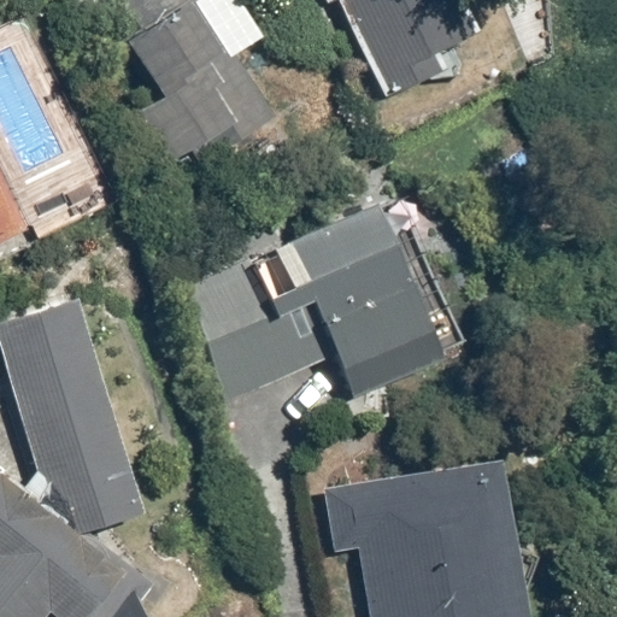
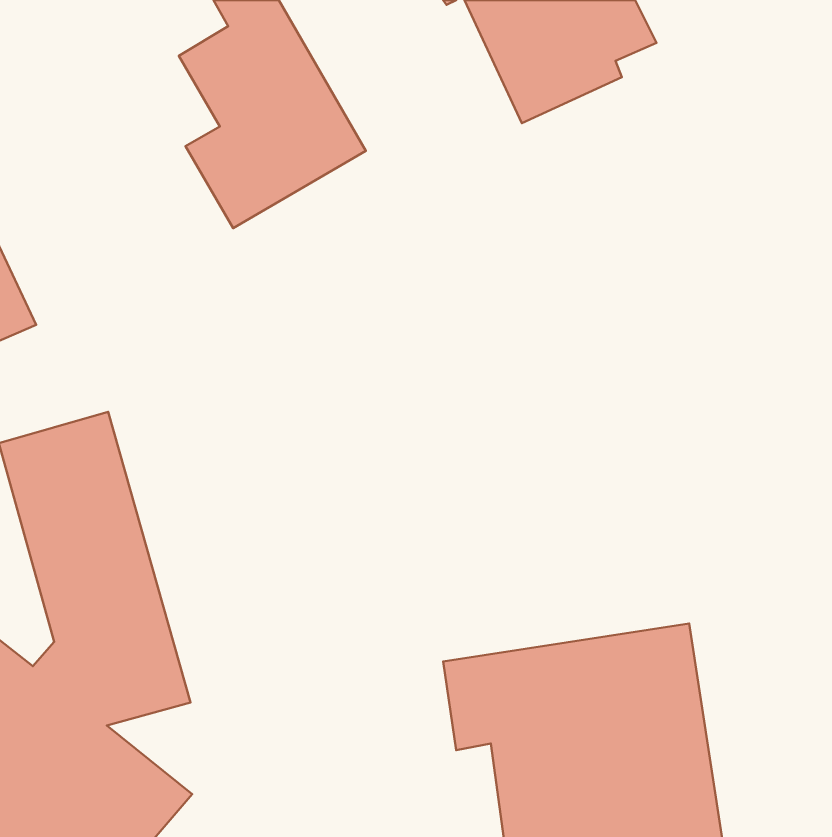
building: [190,208,441,394] -> none

